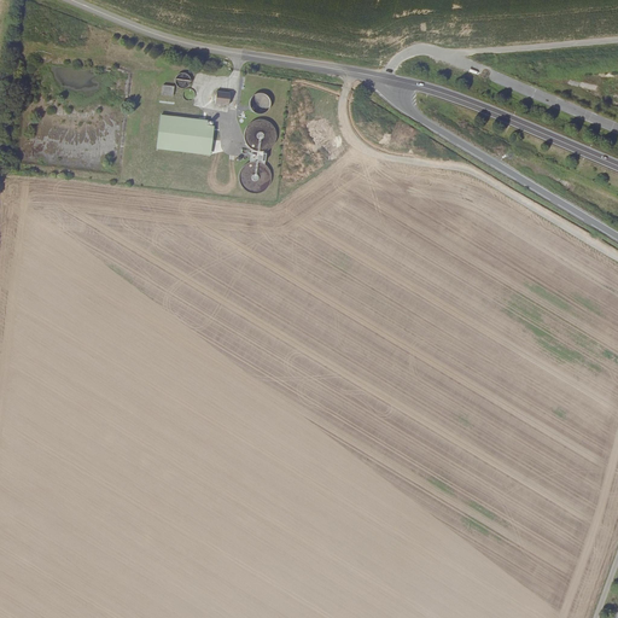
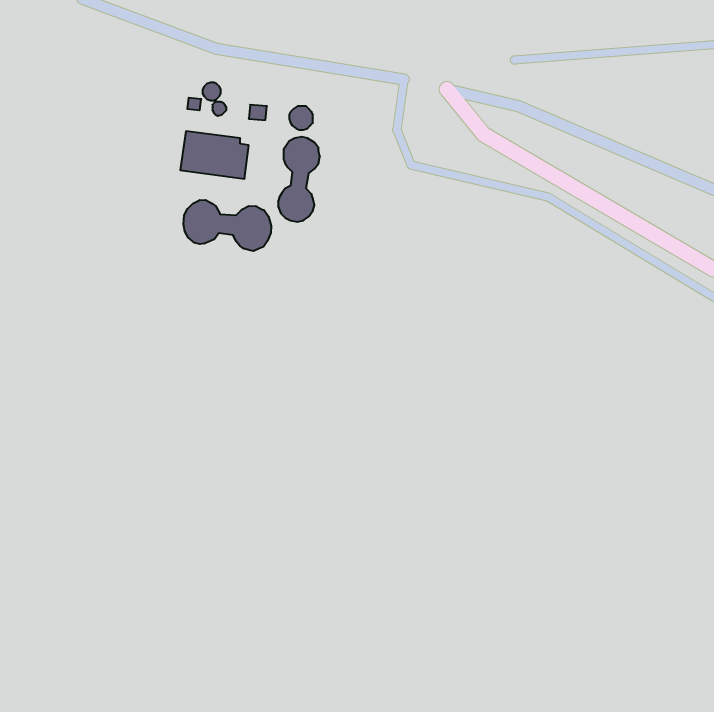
building: none -> [184,200,271,251]

